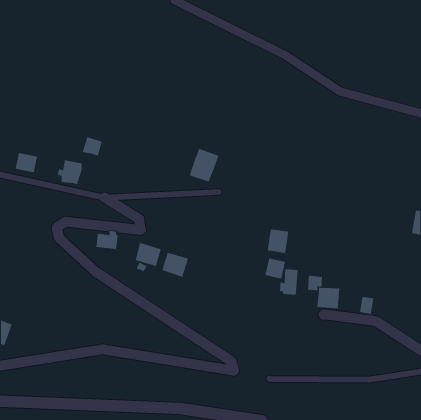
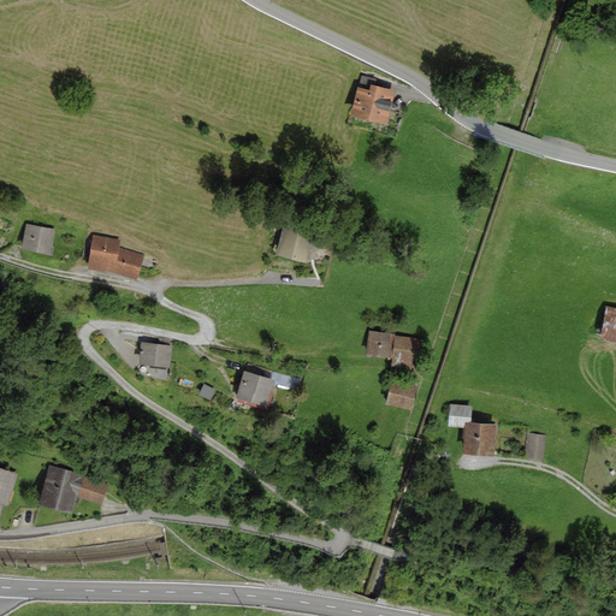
building: none -> [350,76,396,128]
building: [82,136,102,156] -> [113,249,143,278]
building: none -> [365,330,395,357]
building: [135,242,162,267] -> none
building: [279,268,298,295] -> none
building: none -> [38,466,107,515]

